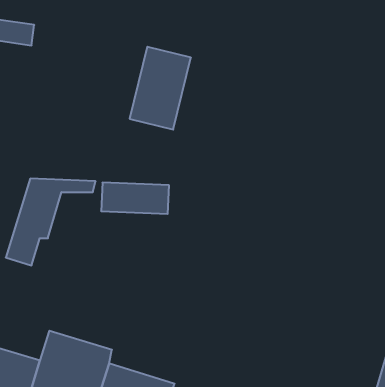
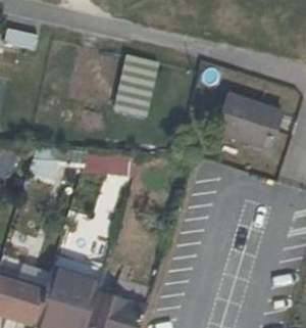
building: none -> [213,96,282,150]

